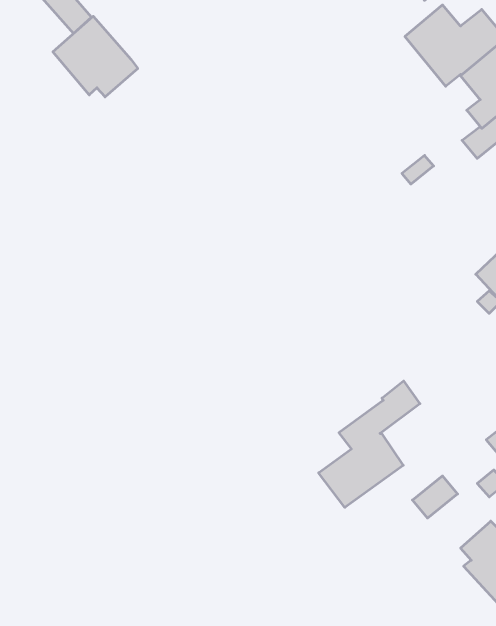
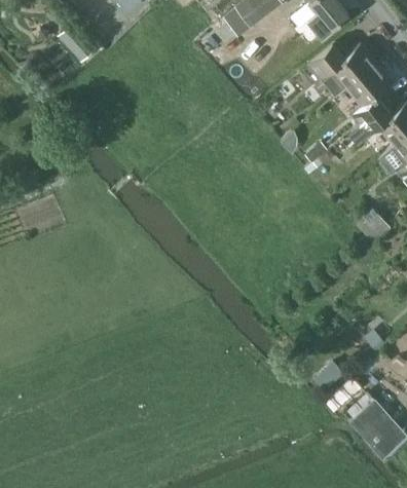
building: [53,16,138,97] -> none
building: [319,381,420,507] -> none

